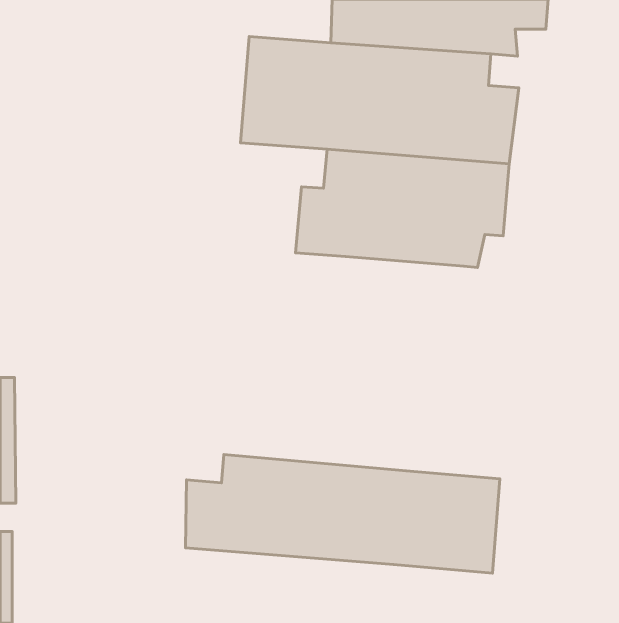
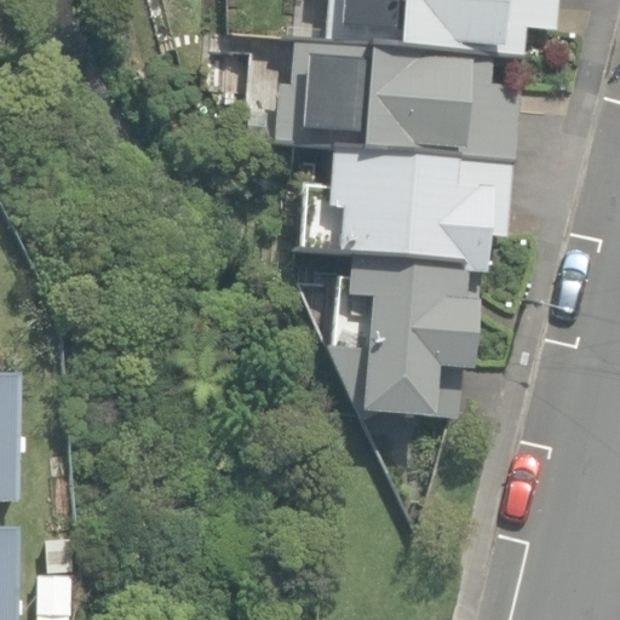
building: none -> [325,254,478,419]
building: [185,455,500,573] -> none

